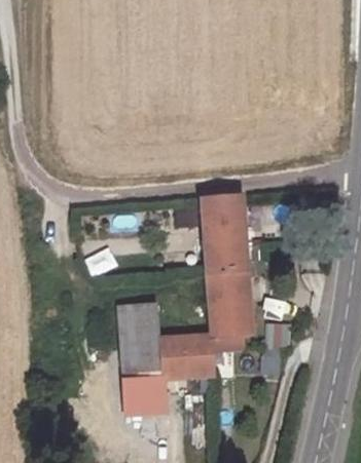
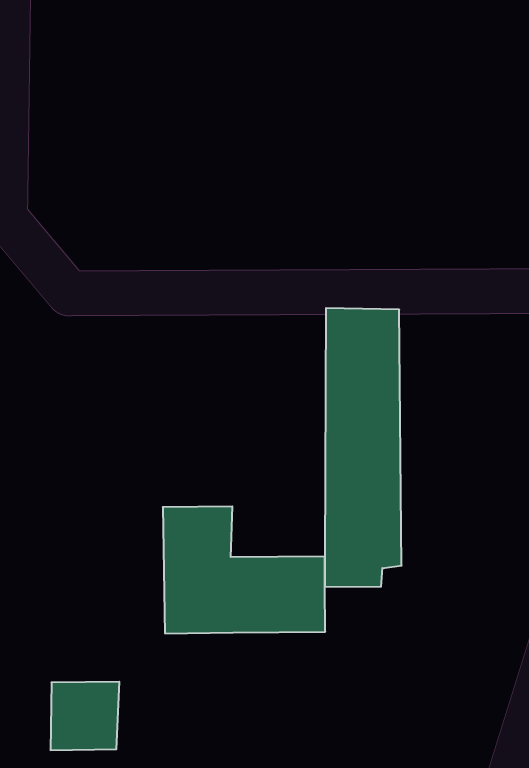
building: [127,378,165,418] -> [50,682,119,750]

